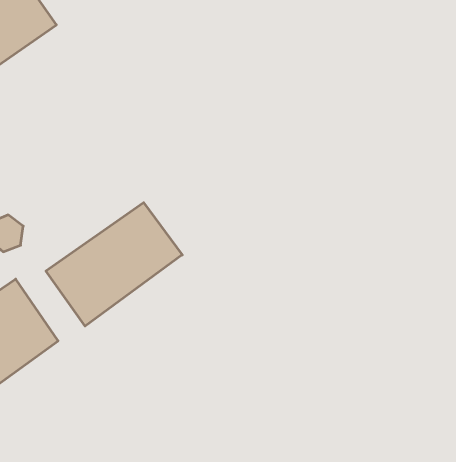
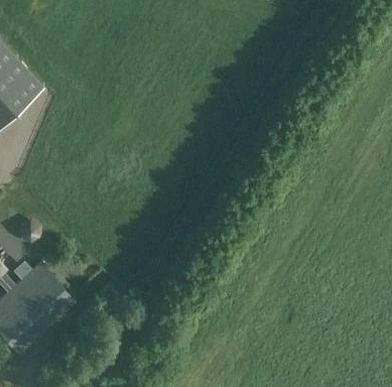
building: [46,203,182,326] -> none

